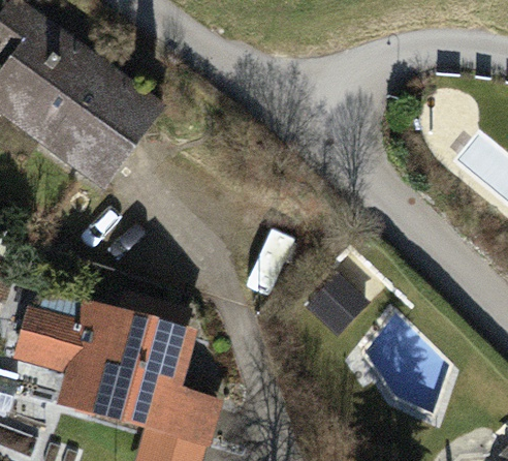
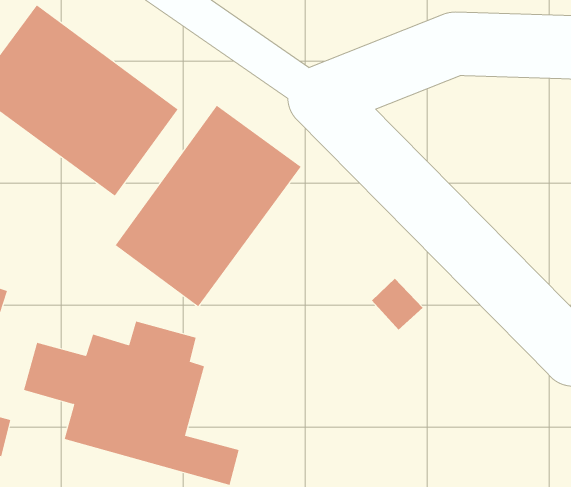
building: none -> [115,105,302,307]

